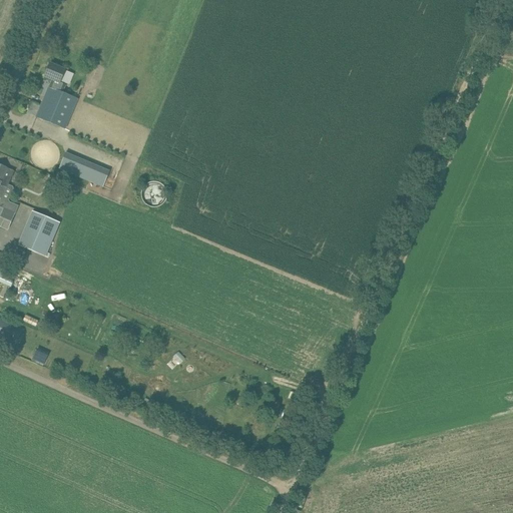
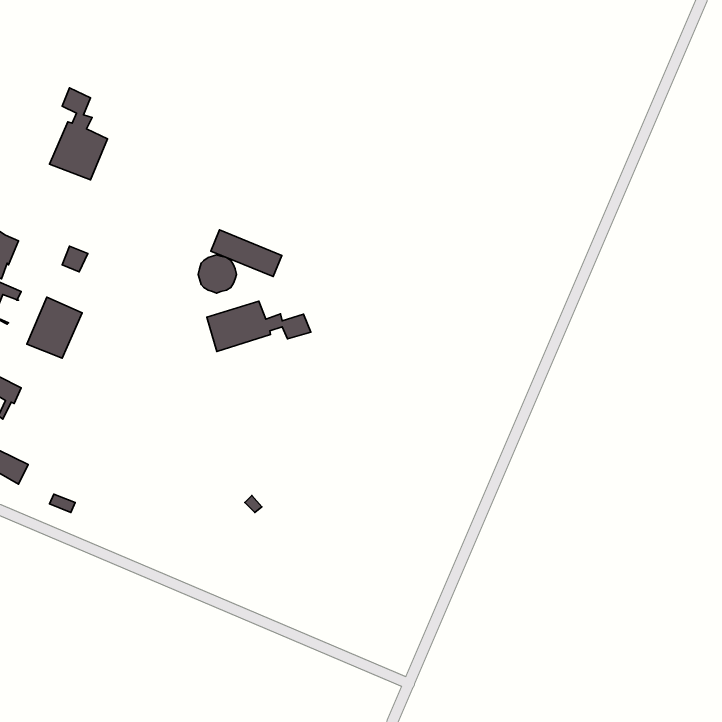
building: [58,152,108,185] -> [211,230,282,277]
building: none -> [207,301,311,352]

